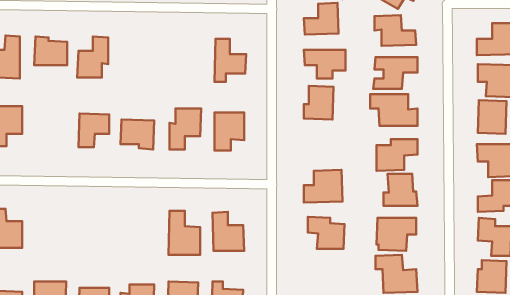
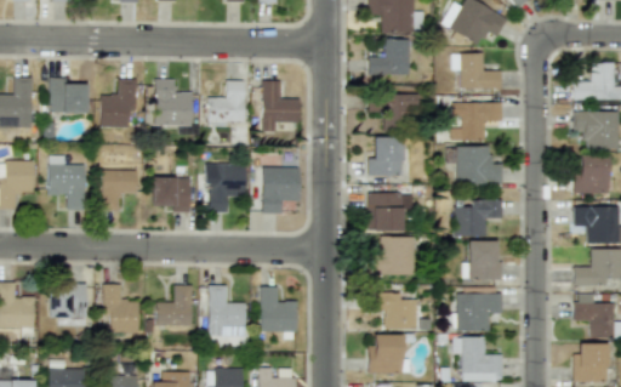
building: none -> [155,79,193,125]
building: none -> [209,80,245,124]
building: none -> [49,155,87,209]
building: none -> [368,192,403,231]
building: none -> [49,283,87,325]
building: none -> [104,283,139,332]
building: none -> [156,284,193,325]
building: none -> [368,334,403,372]

